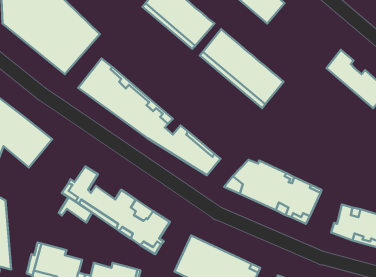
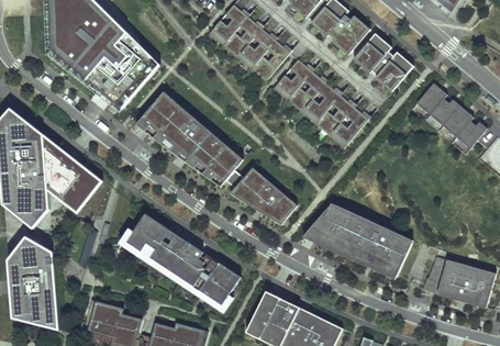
building: none -> [355,32,413,89]
building: [59,197,92,222] -> [147,222,185,250]

